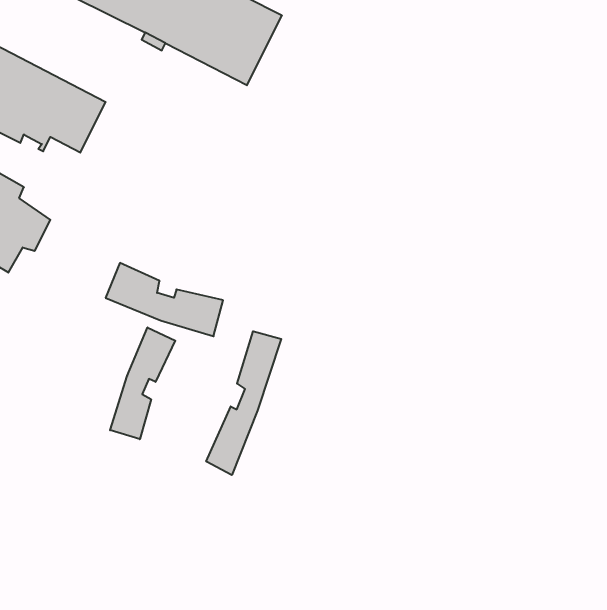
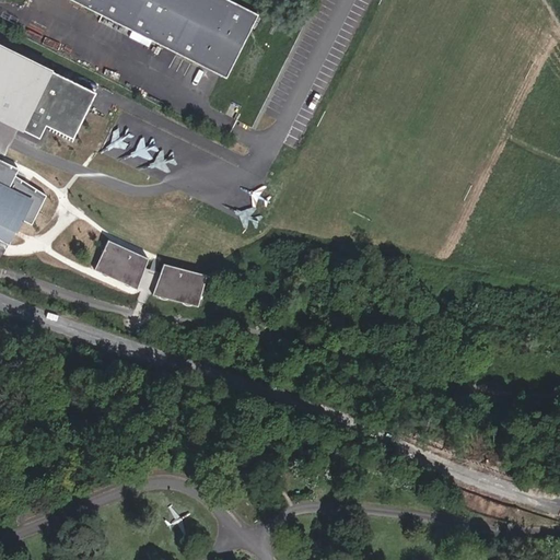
building: [110,327,175,439] -> none
building: [206,331,281,475] -> none

